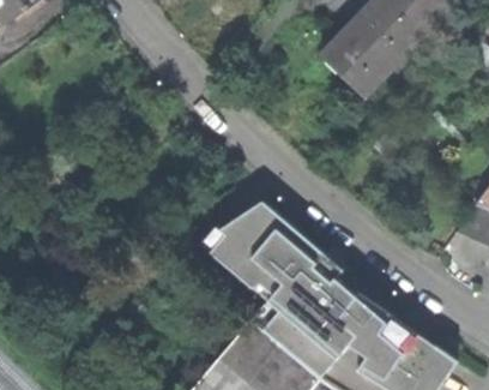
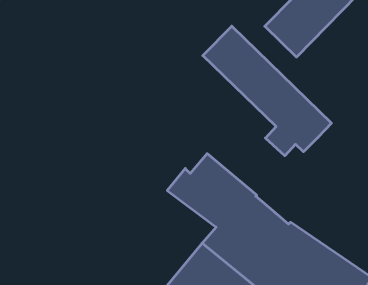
building: none -> [203,26,331,156]

